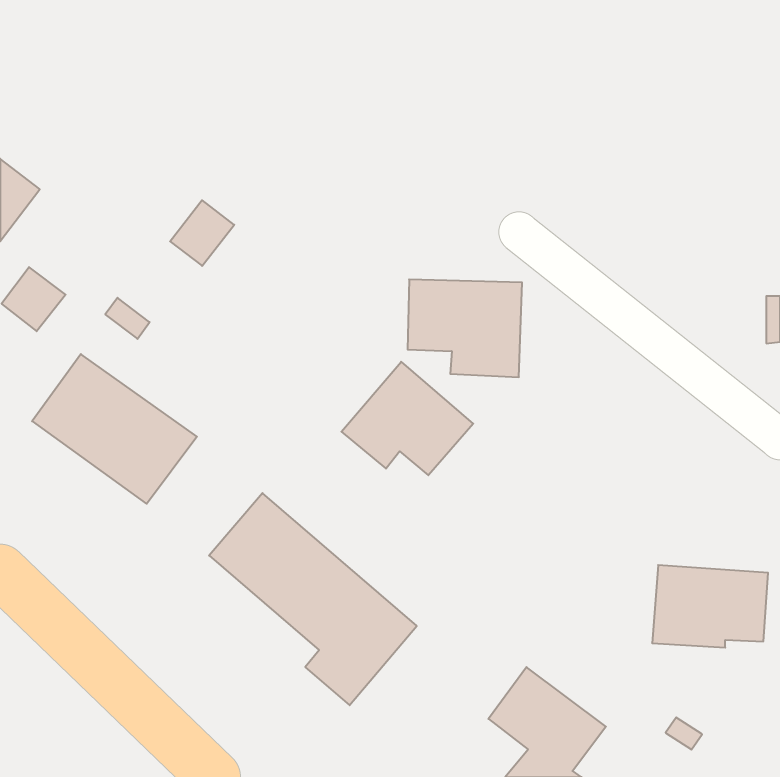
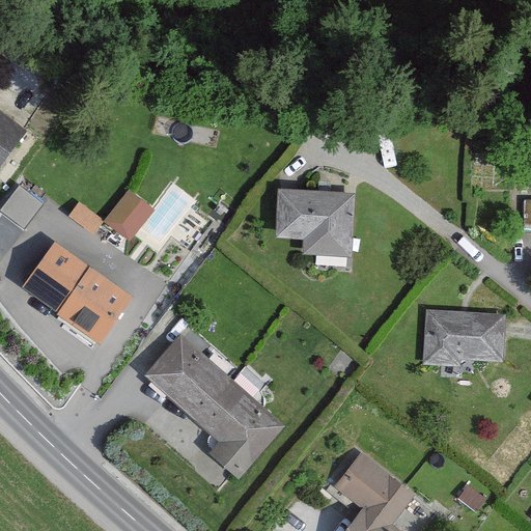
building: [170,200,234,266] -> [108,191,151,235]
building: [341,362,473,475] -> none
building: [652,565,768,648] -> [426,310,505,366]

